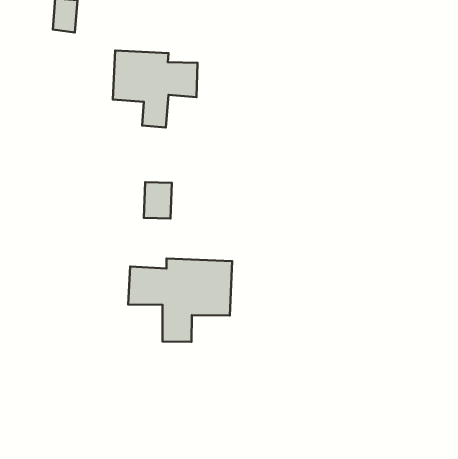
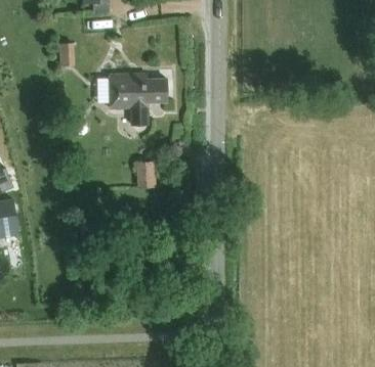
building: [128,259,232,342] -> none

